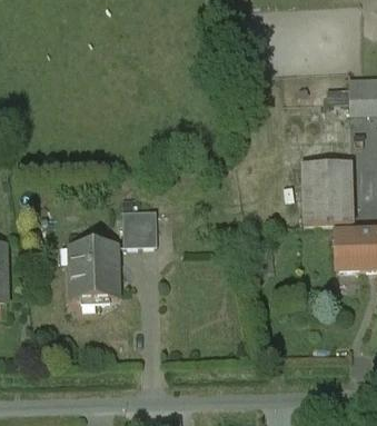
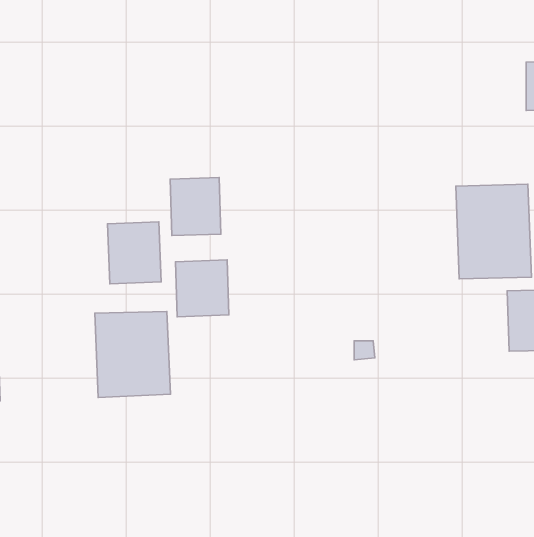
building: none -> [170,178,221,236]
building: none -> [107,222,161,284]

